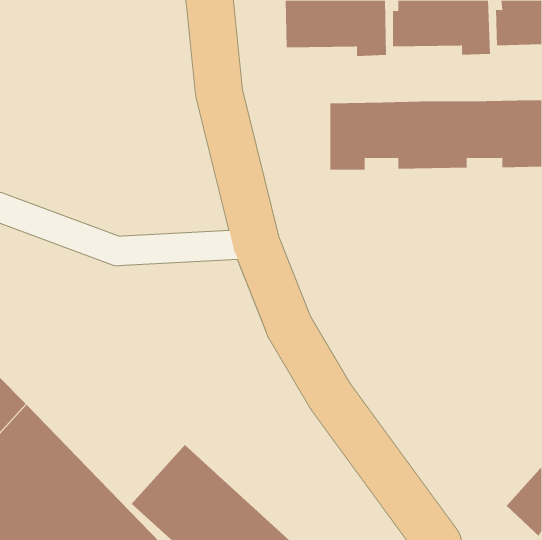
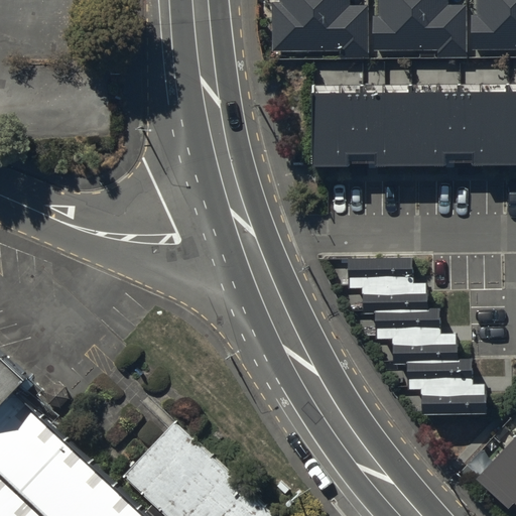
building: none -> [351,262,489,418]

